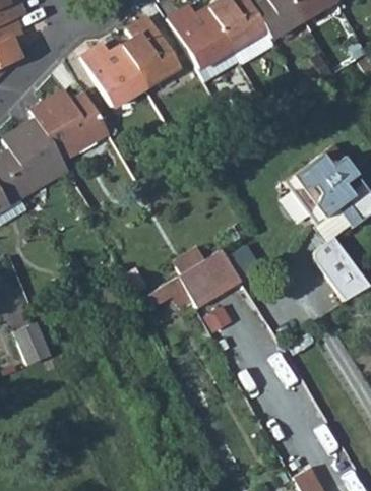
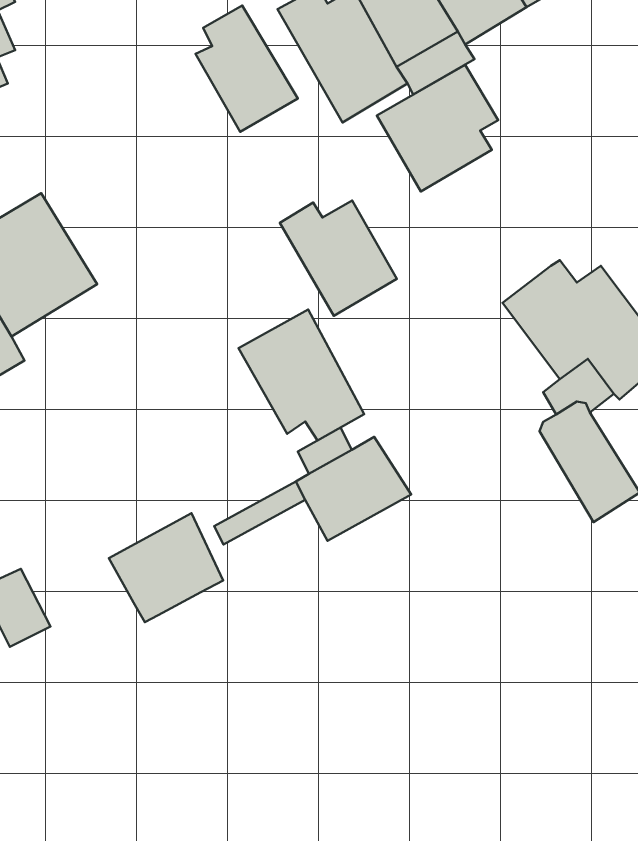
building: [85,42,149,105] -> [280,201,397,316]
building: none -> [377,65,498,192]
building: [36,89,112,158] -> none
building: none -> [239,309,364,441]
building: none -> [109,513,223,622]

